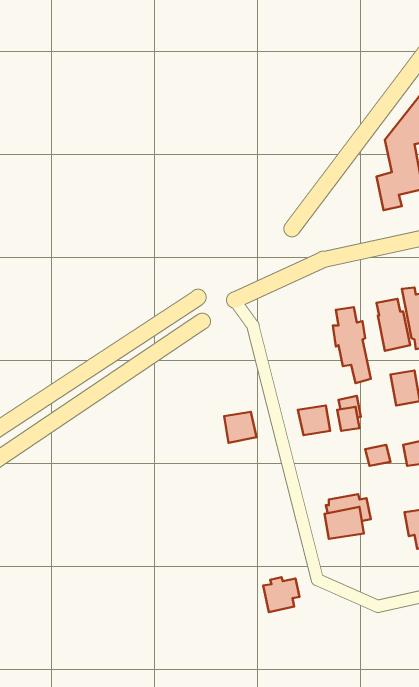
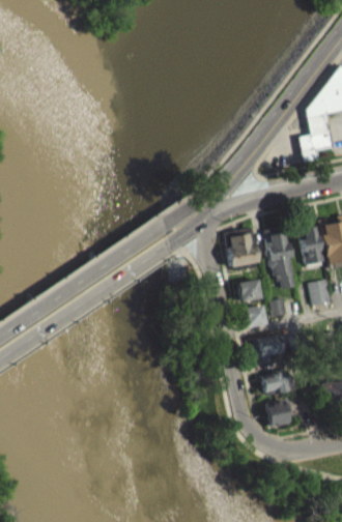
building: none -> [223,228,257,270]
building: [224,412,257,443] -> [237,280,261,302]
building: none -> [253,334,283,363]
building: [263,577,300,612] -> [266,401,293,427]

